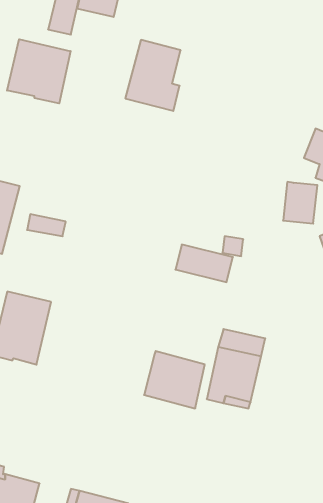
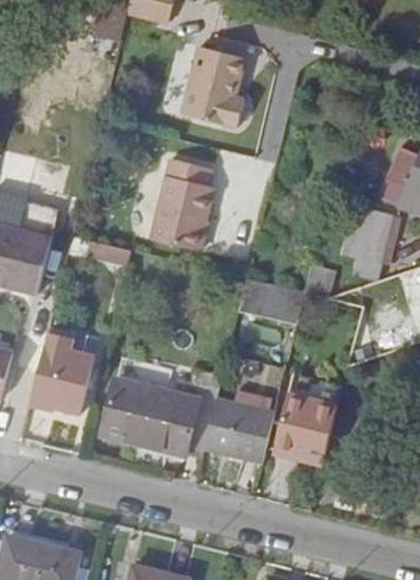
building: [7,39,71,103] -> none
building: none -> [149,158,213,251]
building: none -> [102,378,214,459]

